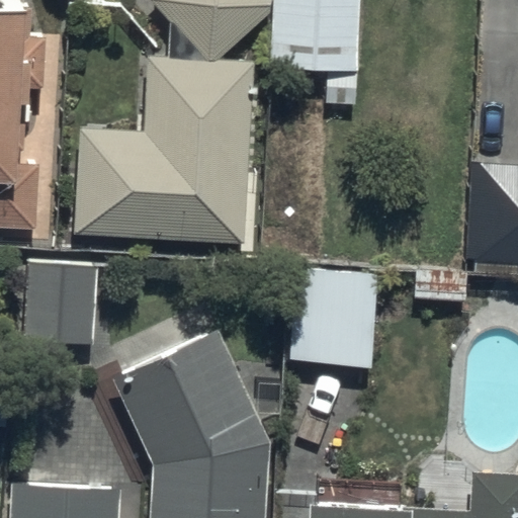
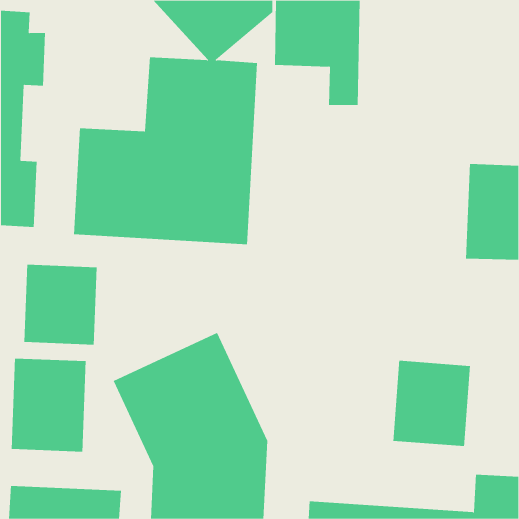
building: [285,269,377,367] -> none
building: none -> [11,358,86,452]
building: none -> [393,360,471,447]

